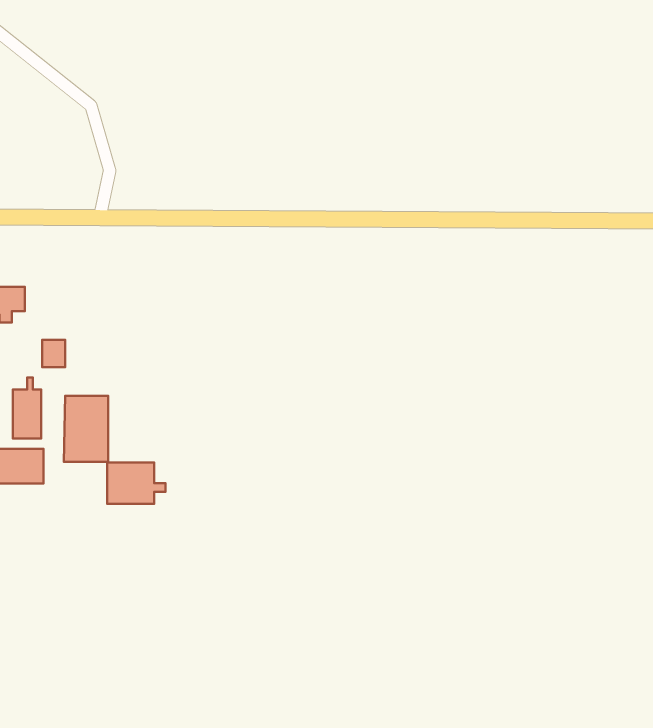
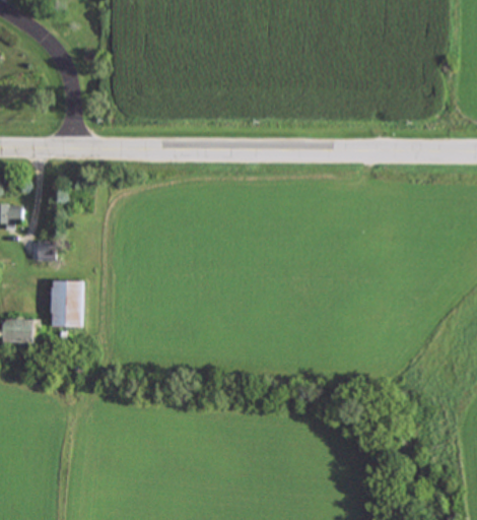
building: [13,378,41,439] -> none
building: [107,462,166,504] -> none

